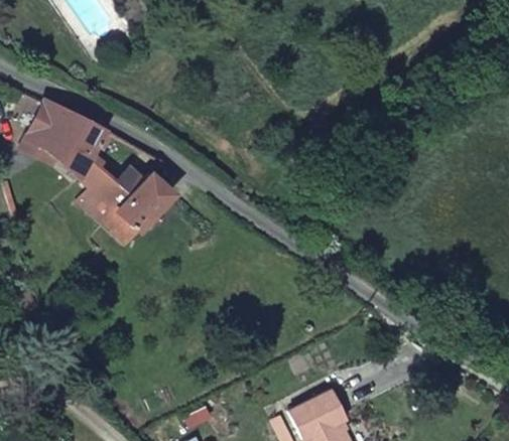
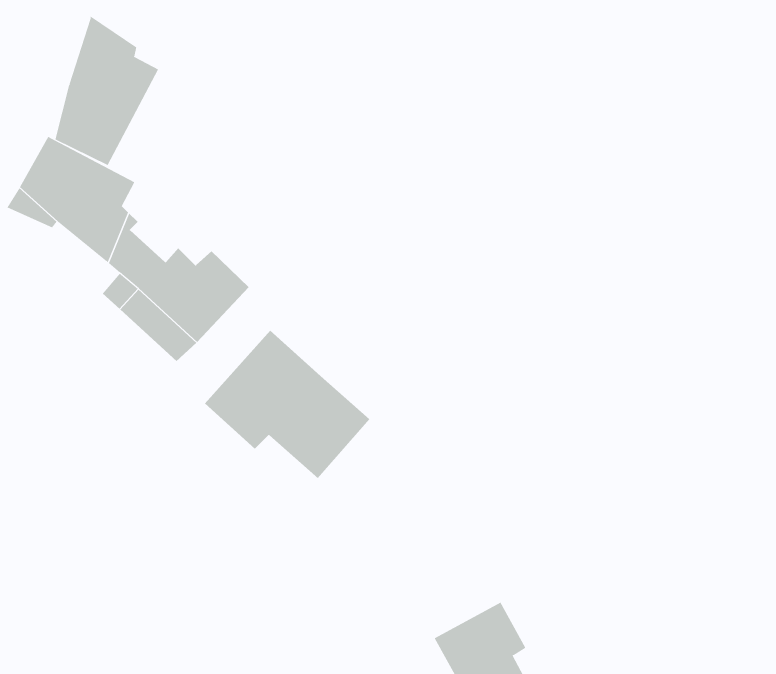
building: none -> [55,16,159,166]
building: none -> [204,330,370,479]

